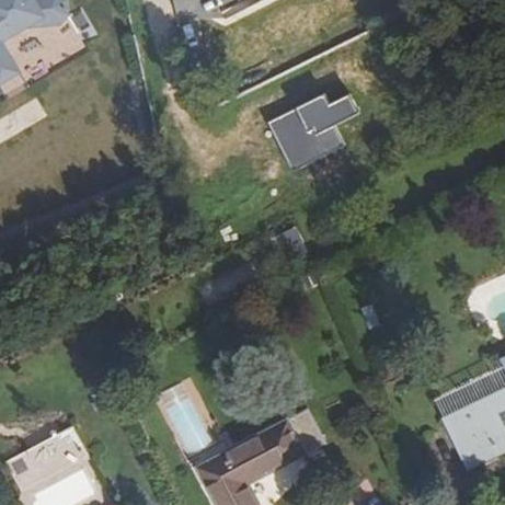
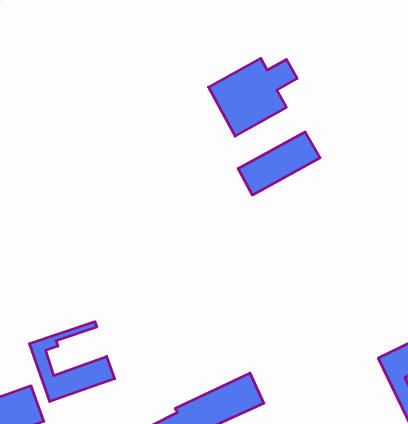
building: none -> [238,132,320,195]
building: none -> [29,322,115,402]

